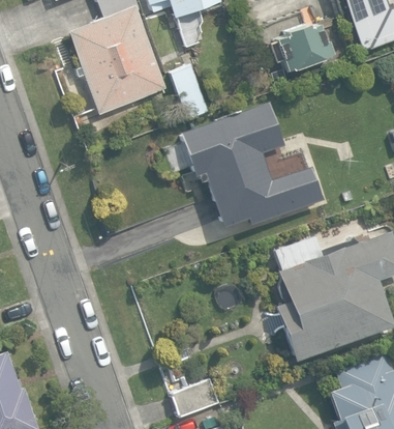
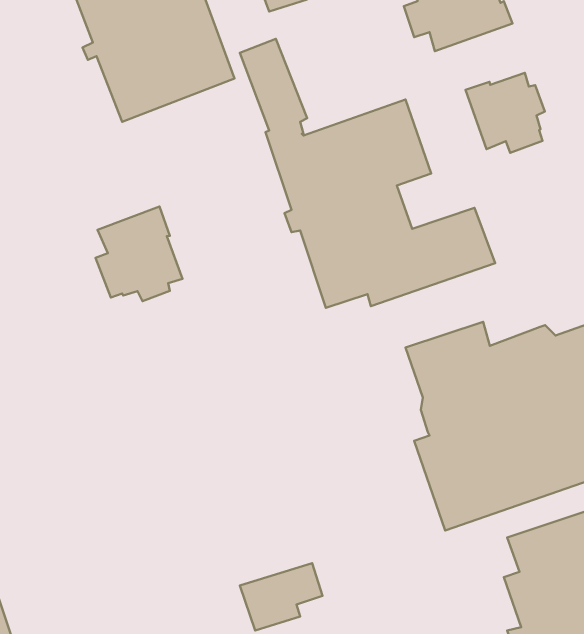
building: none -> [466,73,545,153]
building: none -> [96,207,182,301]

